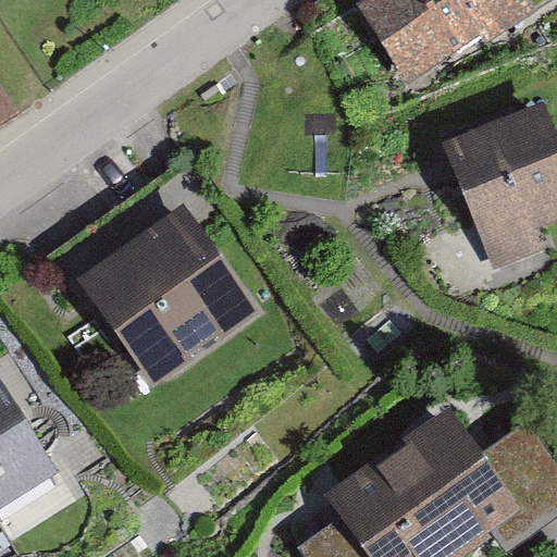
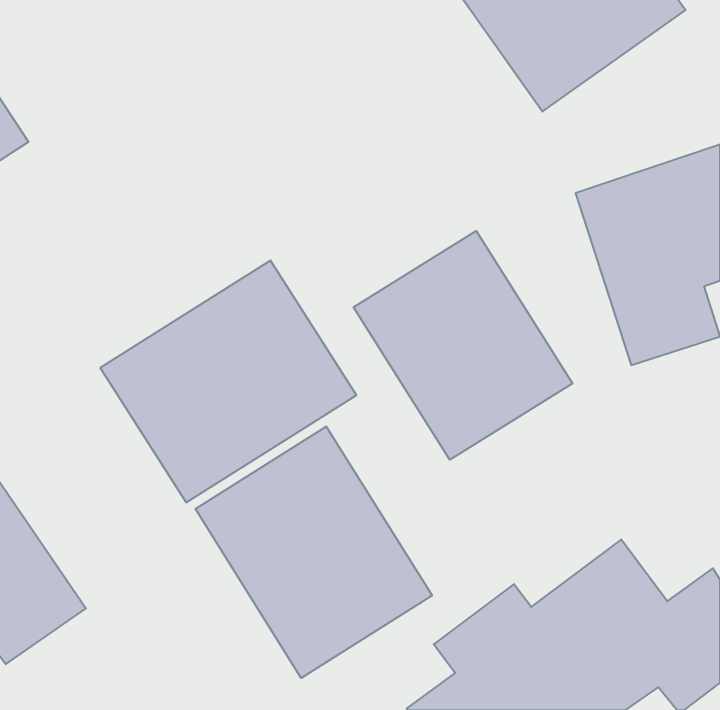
building: none -> [354,231,572,460]
building: none -> [195,426,432,678]

